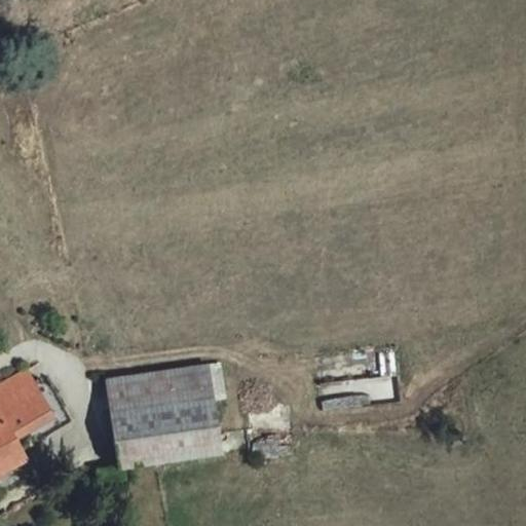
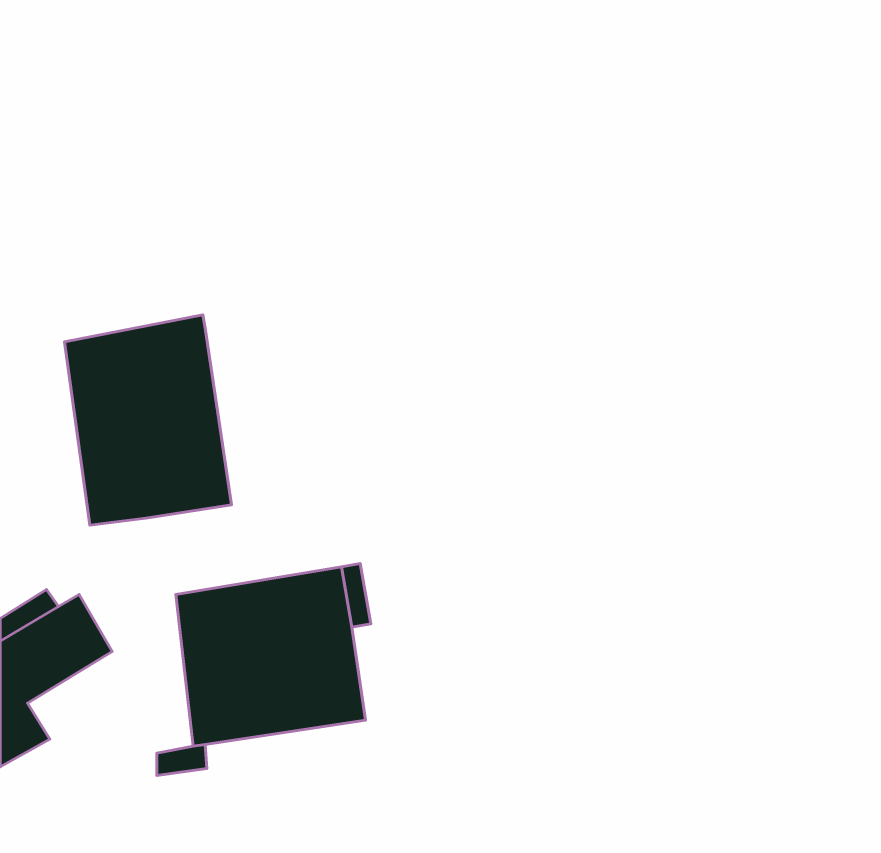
building: none -> [65,315,232,525]

